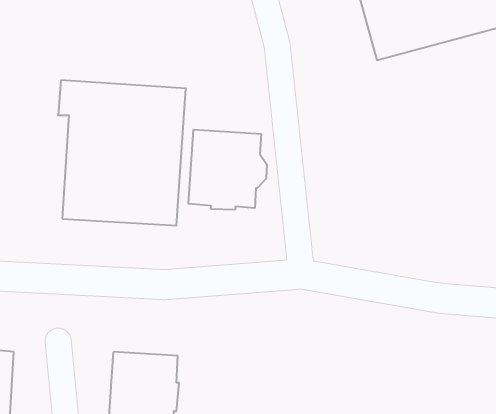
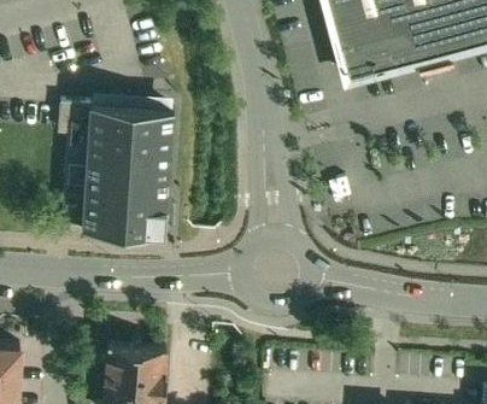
building: [189,130,267,210] -> none

